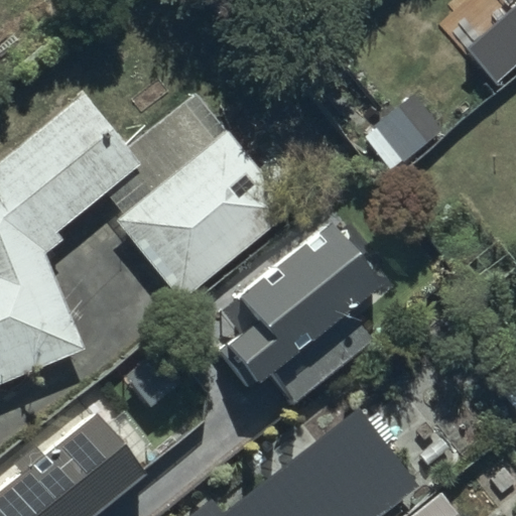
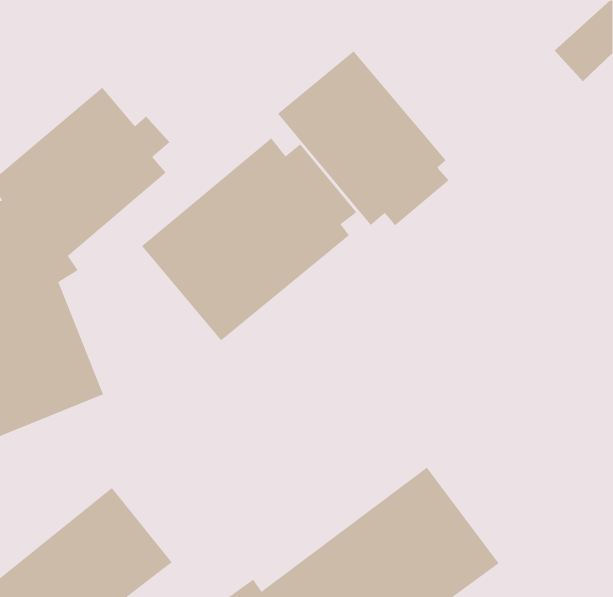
building: none -> [277,50,450,226]
building: [212,210,385,409] -> none

